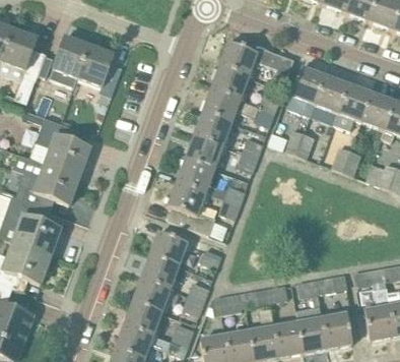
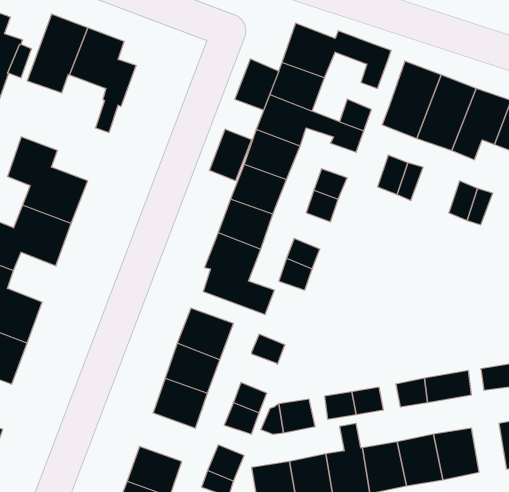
building: none -> [235,59,279,110]
building: none -> [210,129,251,181]
building: [124,302,161,335] -> none

